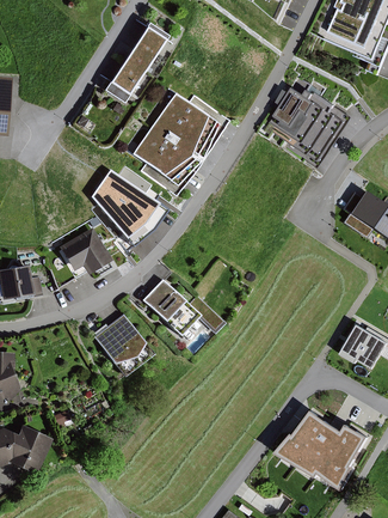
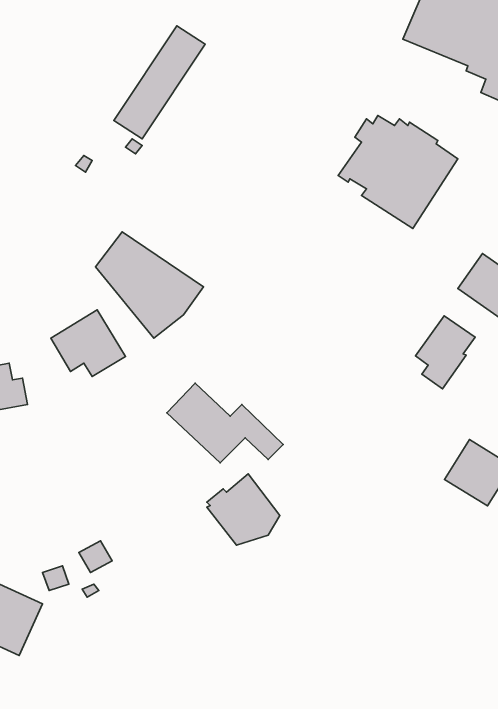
building: [131,92,220,185] -> none
building: none -> [416,316,475,389]
building: [93,312,146,364] -> [207,474,280,545]
building: [277,406,370,487] -> none

